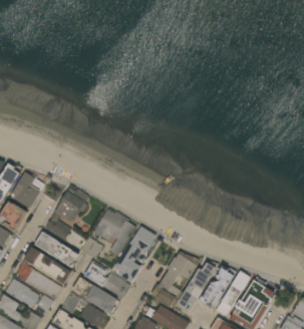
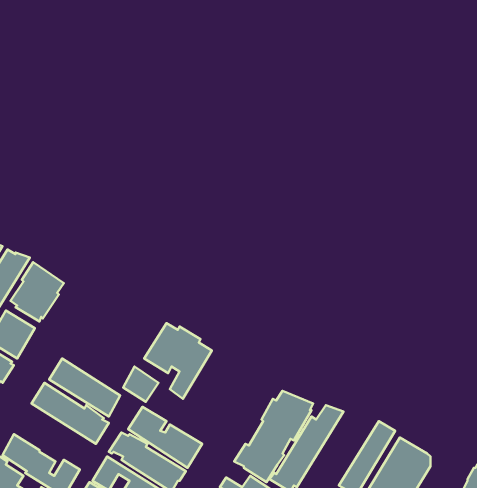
building: [44,188,88,240] -> none
building: [114,227,156,283] -> none
building: [15,264,61,300] -> none
building: [198,266,235,308] -> none

